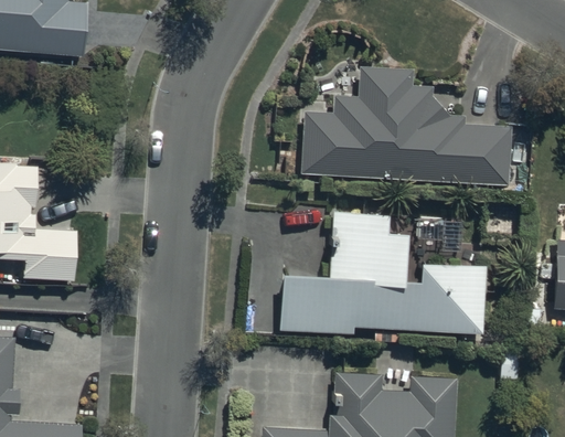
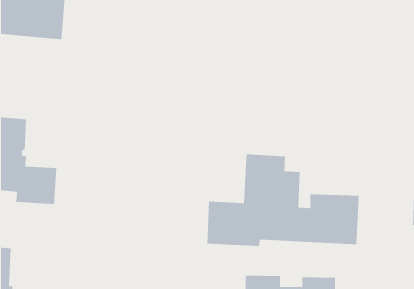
building: [300,67,511,183] -> none

